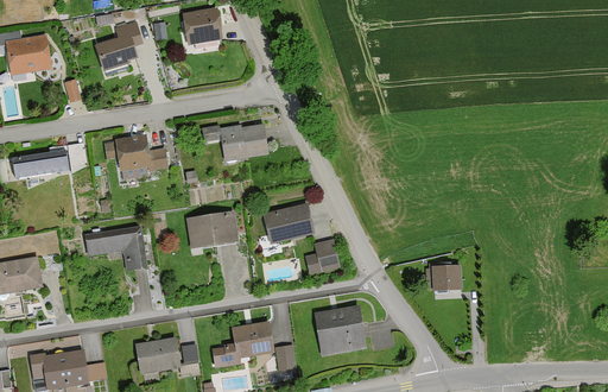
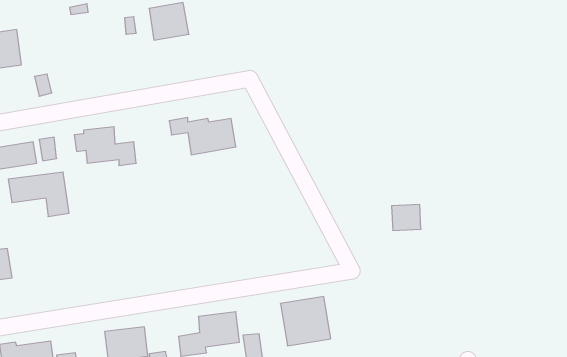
building: [96,20,142,69] -> none
building: [262,203,312,244] -> none
building: [188,211,236,247] -> none
building: [84,225,146,270] -> [8,172,69,217]
building: [304,239,337,273] -> none
building: [432,265,462,291] -> [392,205,421,230]

